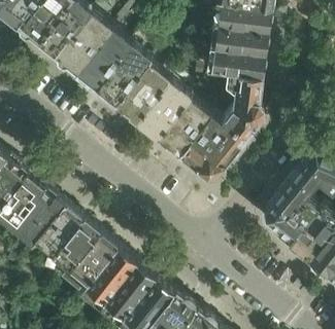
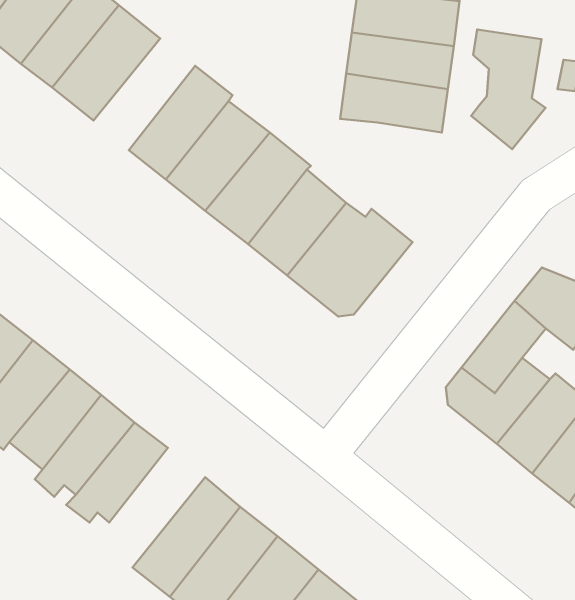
building: [77,32,131,90] -> none
building: [224,76,263,139] -> [471,30,546,149]
building: [79,247,136,309] -> none

